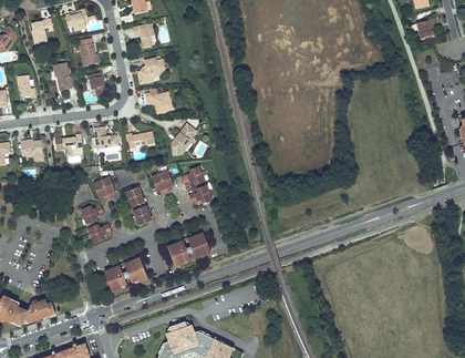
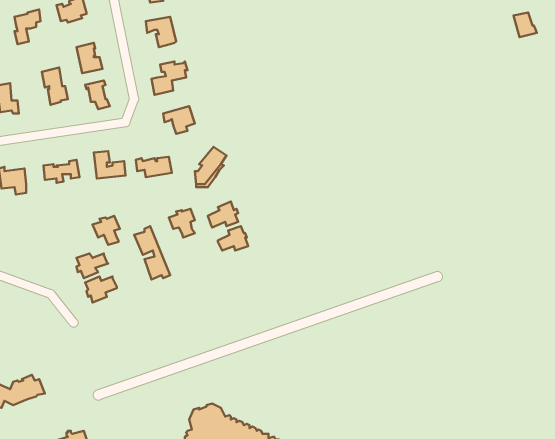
building: [167,234,208,266] -> none
building: [103,259,143,290] -> none

